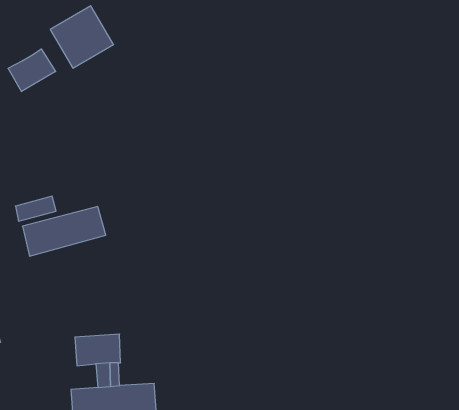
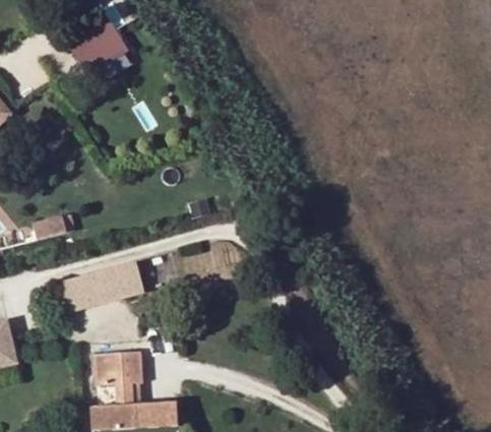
building: [8,49,56,92] -> none
building: [22,206,106,256] -> [57,261,142,312]

